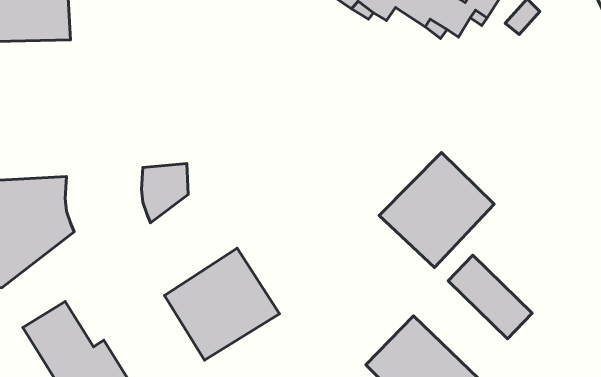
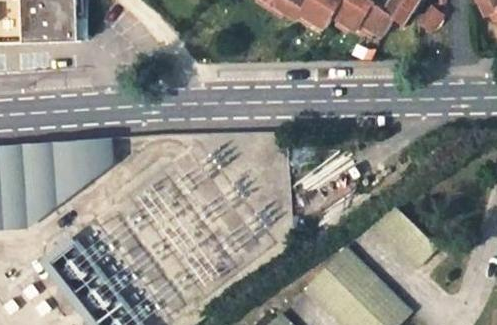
building: [379,152,494,268] -> none
building: [142,164,188,223] -> [75,139,111,185]
building: [164,248,280,360] -> none

